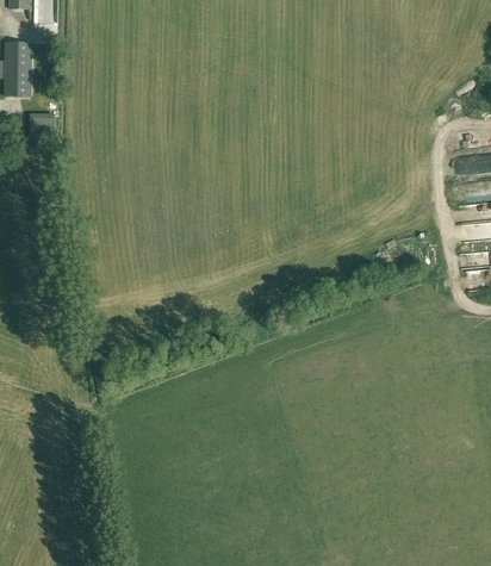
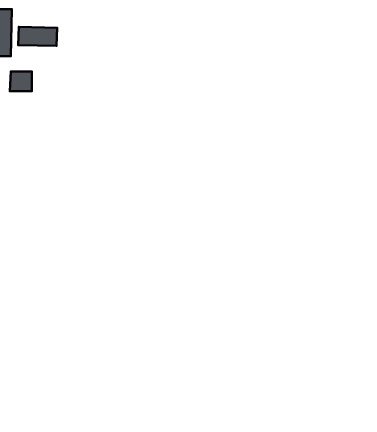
building: none -> [18,27,57,46]

